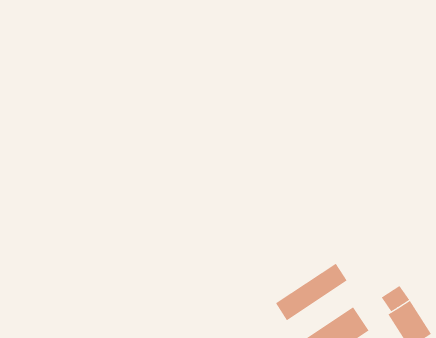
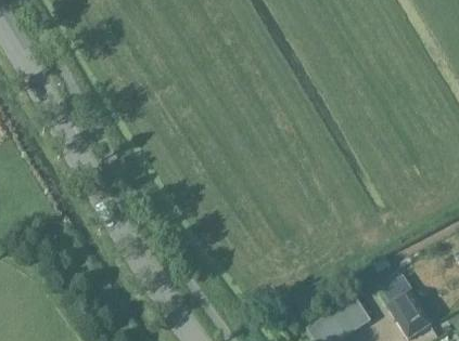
building: [275,263,348,321] -> none

